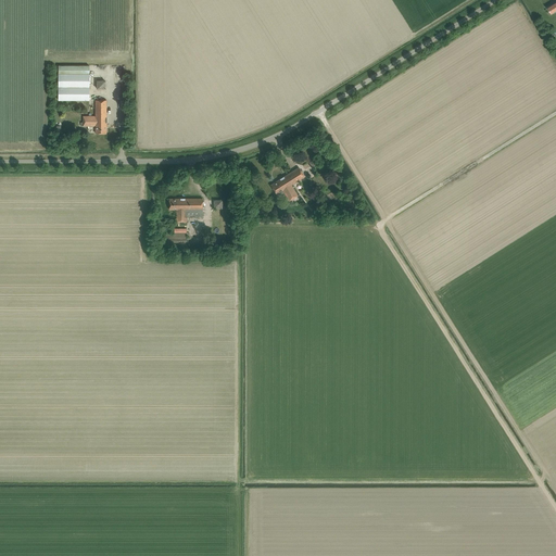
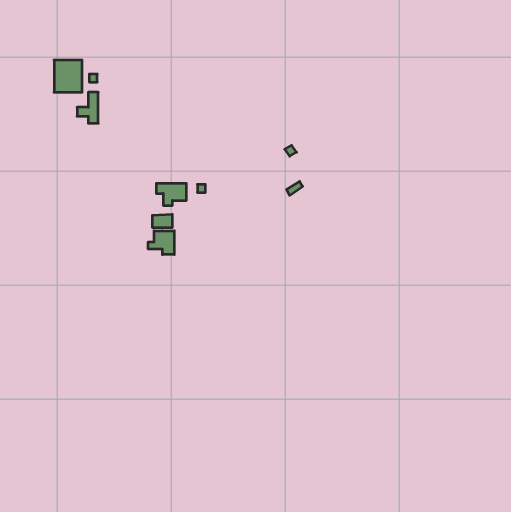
building: [271,167,305,201] -> none
building: none -> [148,231,174,255]

